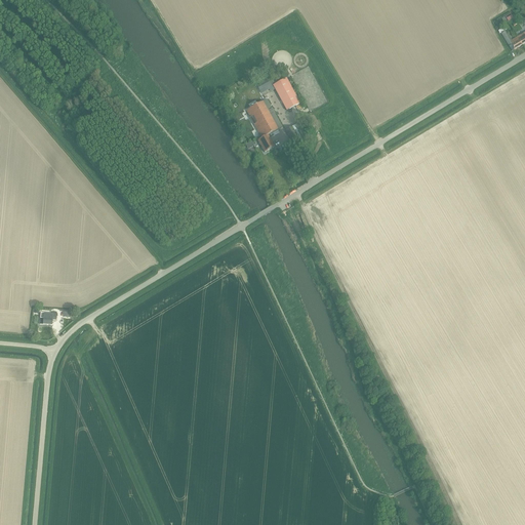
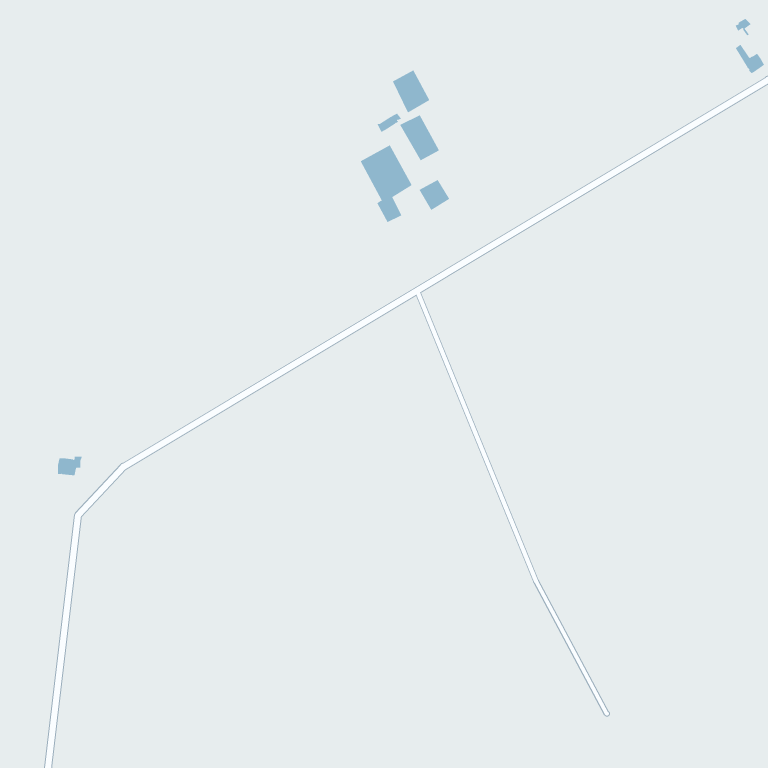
building: none -> [392,70,430,113]

